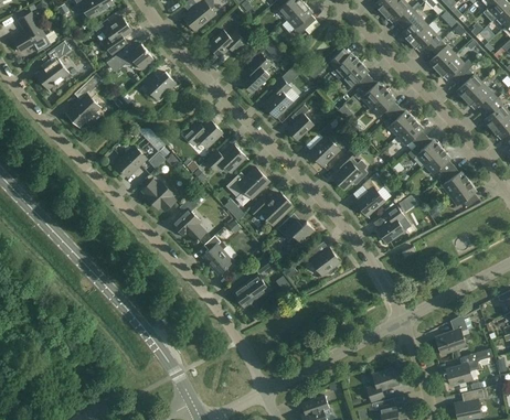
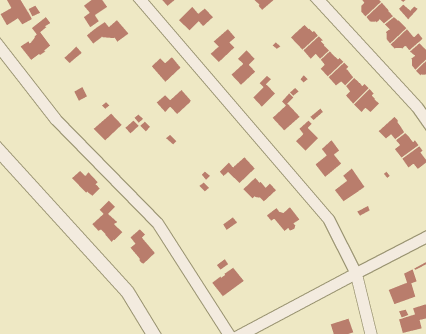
building: [141,72,174,100] -> [151,56,181,83]
building: [66,95,97,126] -> none
building: [406,136,442,165] -> none
building: [205,144,245,172] -> none
building: [225,166,268,198] -> none
building: [141,181,173,209] -> [71,170,101,196]
building: [171,196,205,244] -> [92,200,123,243]
building: [202,235,231,273] -> [130,228,156,264]
building: [232,274,268,308] -> [211,267,245,297]

